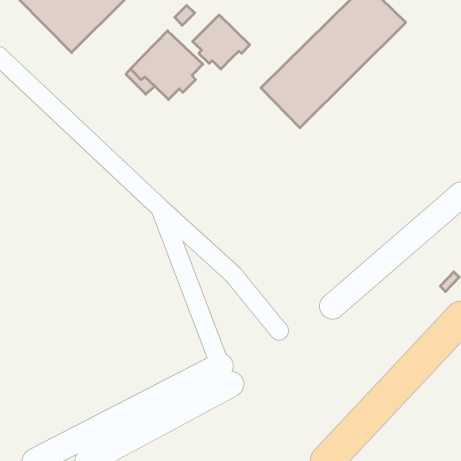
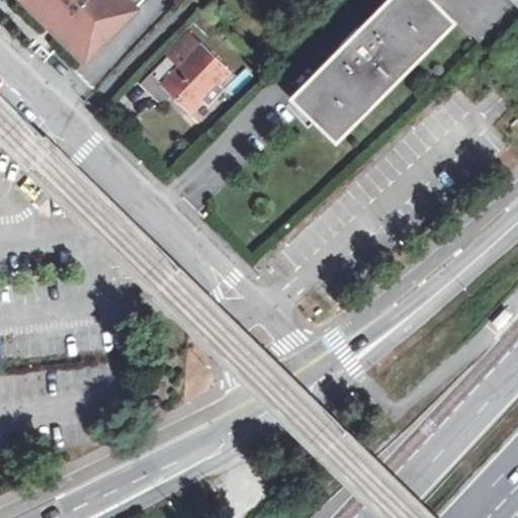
building: [193,15,250,69] -> none

